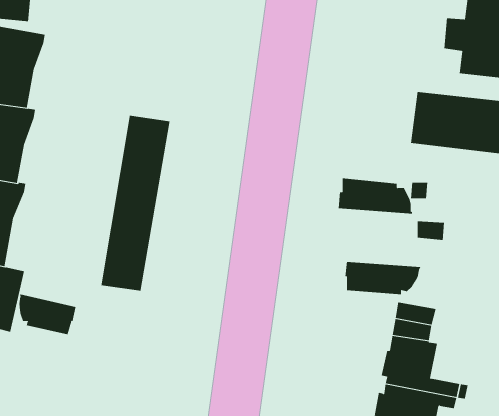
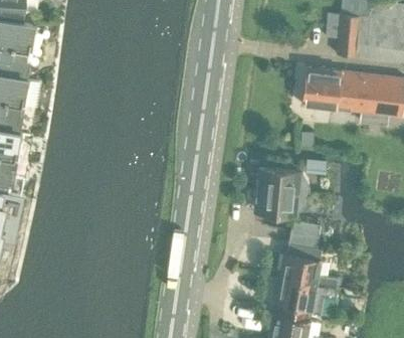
building: [101,115,170,292] -> none
building: [338,178,413,214] -> [254,168,309,194]
building: [19,294,76,335] -> none

